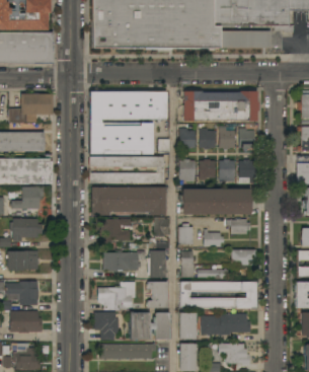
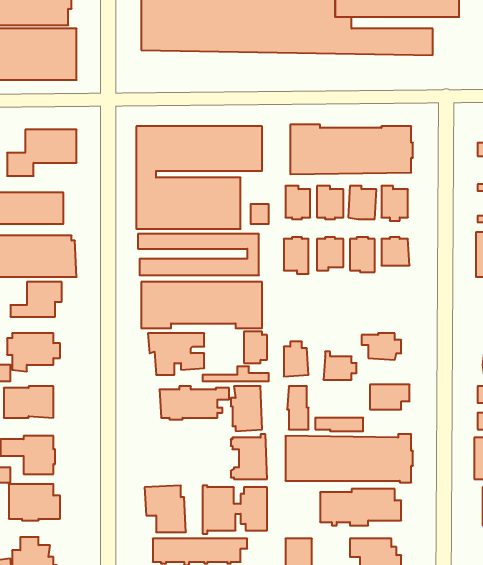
building: [179,189,253,214] -> none
building: [98,281,136,309] -> none
building: [180,312,199,339] -> none

